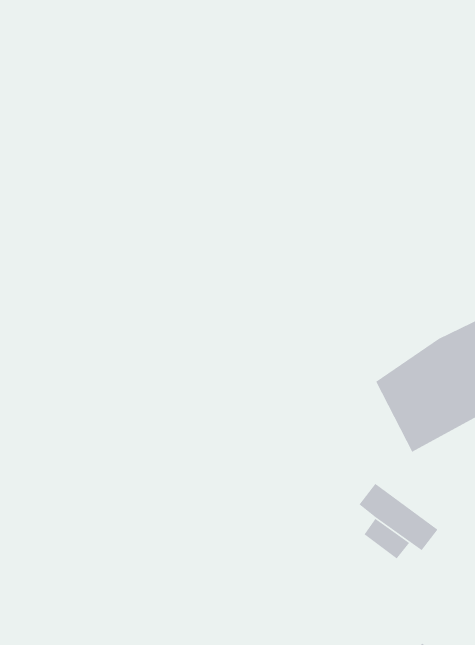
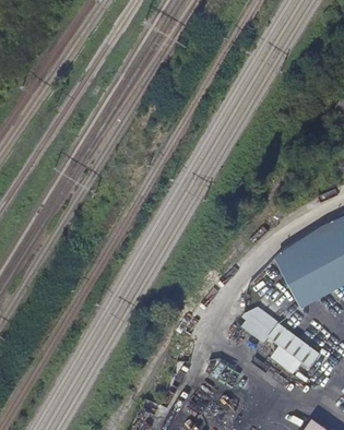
building: none -> [240,306,278,343]

